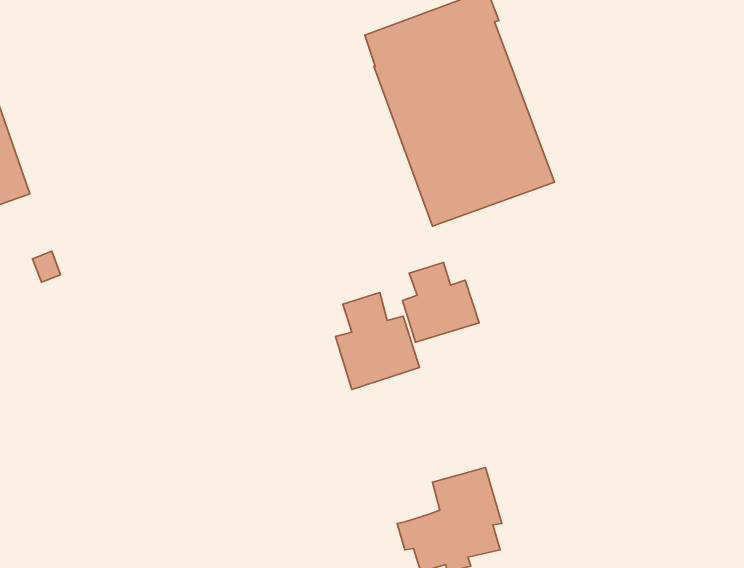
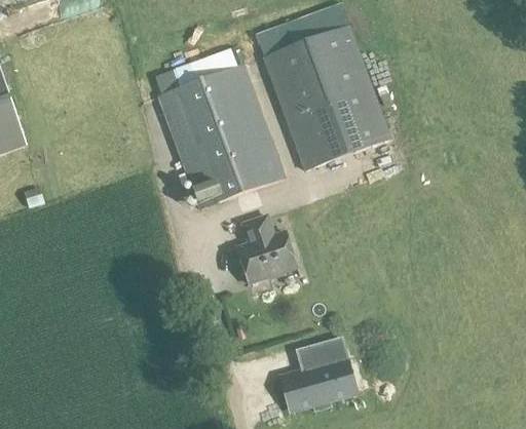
building: none -> [157,47,286,207]
building: [403,263,479,342] -> none

